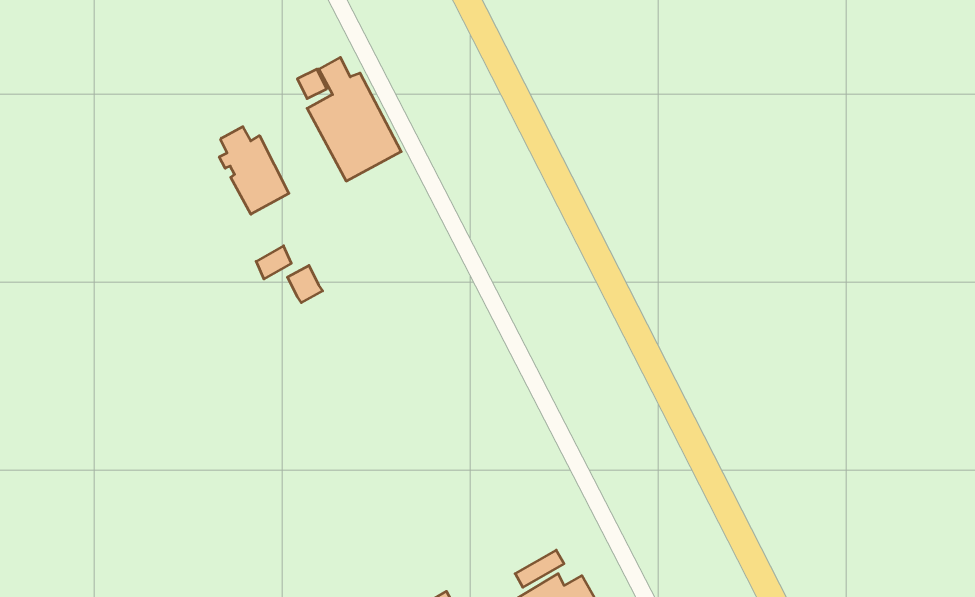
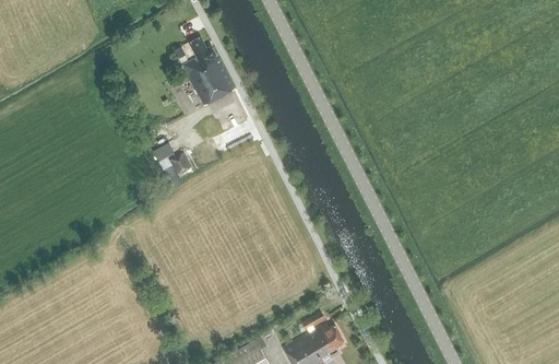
building: [219,127,289,214] -> none

